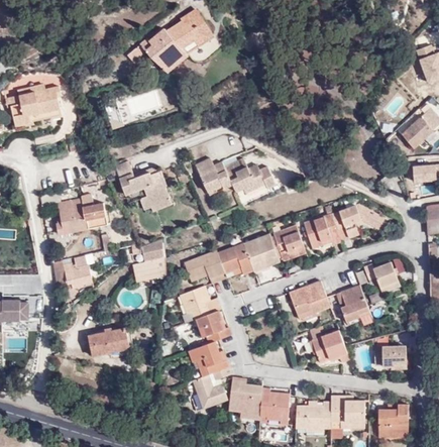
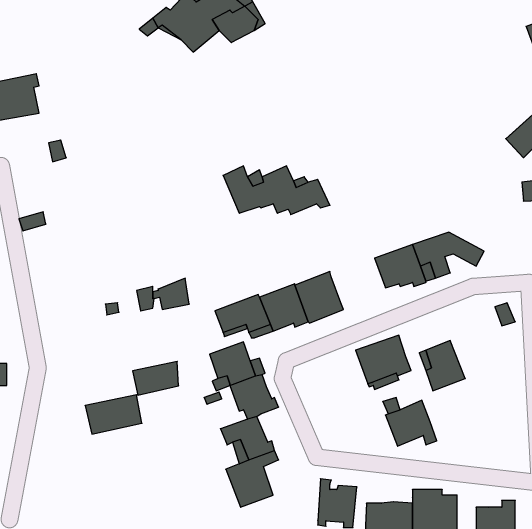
building: [100,162,169,212] -> none
building: [54,196,105,233] -> none
building: [270,226,306,260] -> none
building: [132,258,167,284] -> [133,361,179,395]
building: [61,259,92,286] -> none
building: [363,262,400,294] -> none
building: [374,346,406,367] -> none
building: [228,377,262,420] -> none

